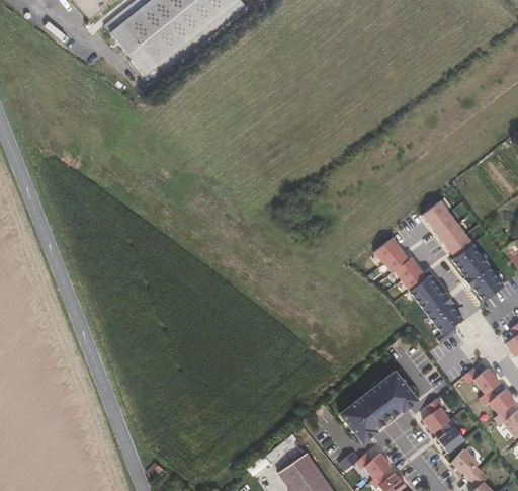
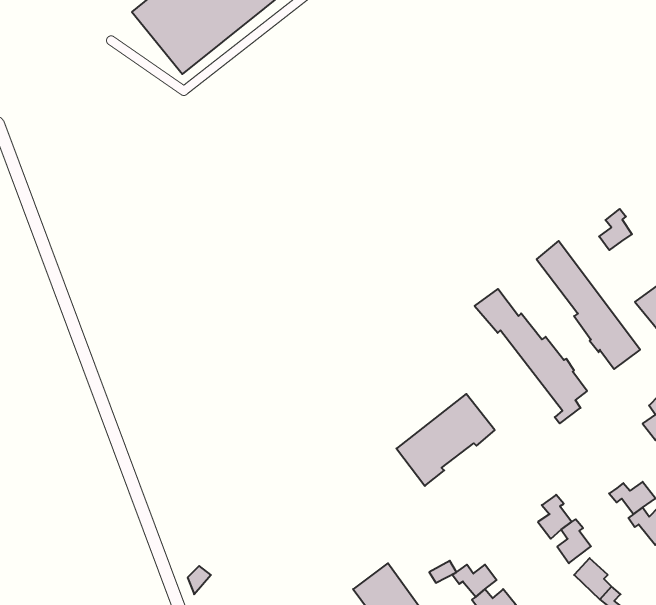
building: none -> [599,209,632,250]
building: [463,369,500,395] -> none
building: [340,372,417,443] -> [396,394,495,486]

